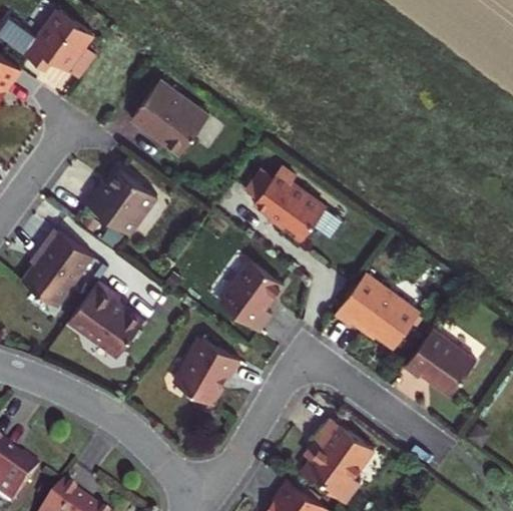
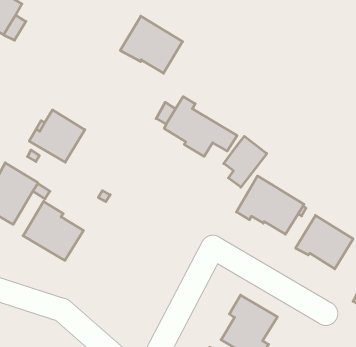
building: [130,81,208,154] -> [120,16,183,73]
building: none -> [224,136,267,187]
building: [217,261,282,331] -> none
building: [173,339,239,406] -> none

